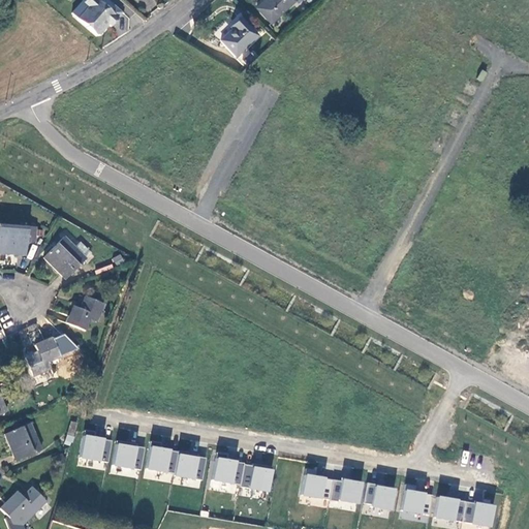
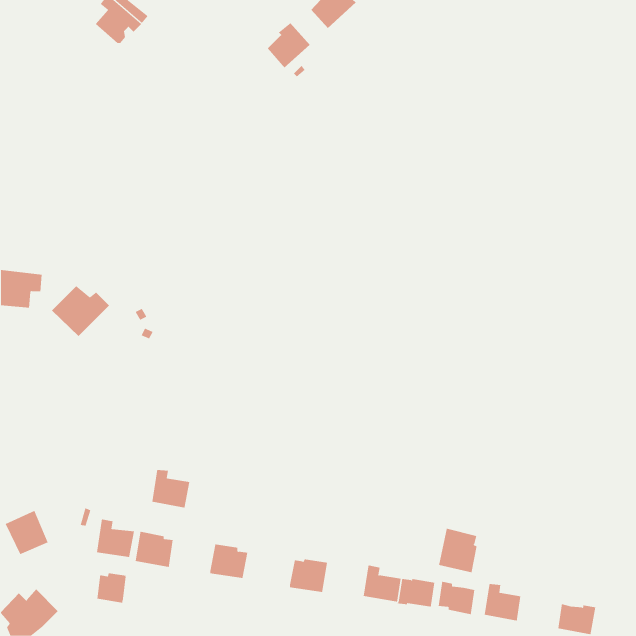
building: [66,297,104,331] -> none
building: [25,334,70,376] -> none
building: none -> [438,528,477,573]
building: [147,441,179,473] -> [151,469,190,508]
building: [213,452,245,485] -> none
building: none -> [97,573,126,603]
building: [434,496,466,521] -> none

